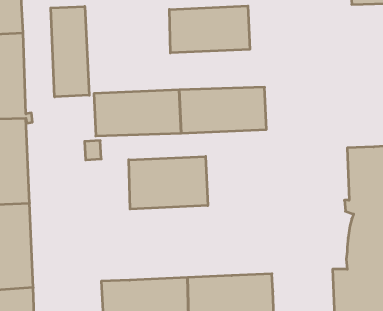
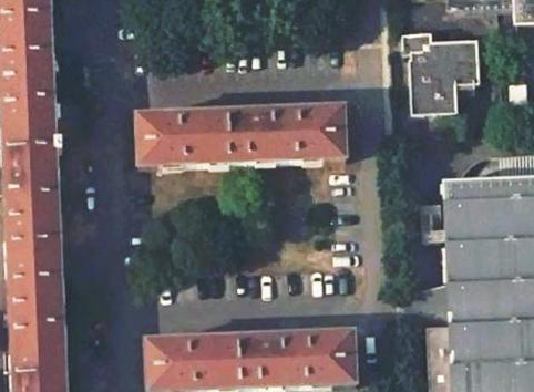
building: [169,6,250,53] -> none
building: [51,6,89,97] -> none
building: none -> [403,39,480,118]
building: [129,156,208,209] -> none

